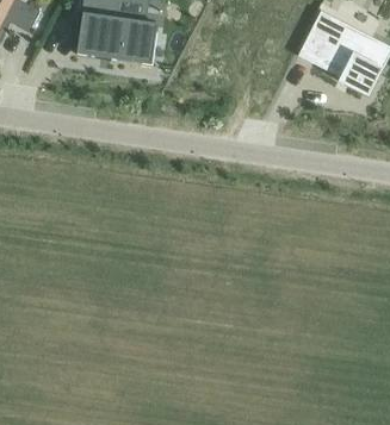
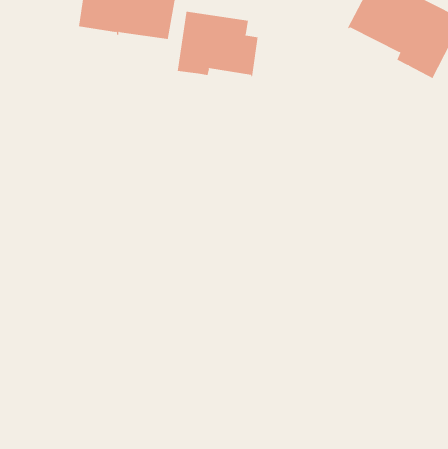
building: none -> [177,11,258,77]

